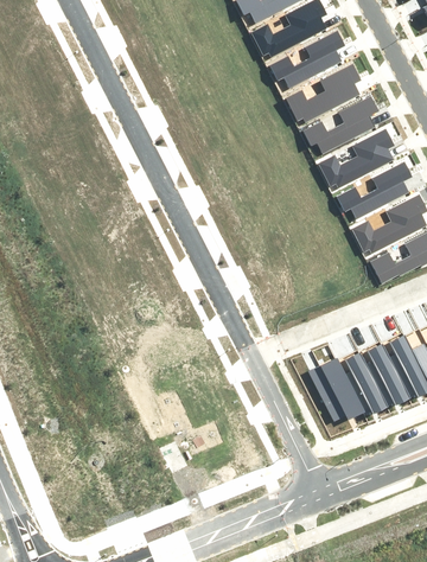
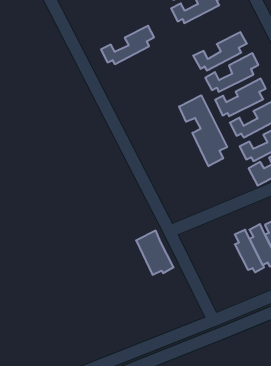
building: [269,31,346,87] -> [101,26,154,64]
building: none -> [179,95,227,166]
building: [310,356,364,420] -> [136,231,174,275]

